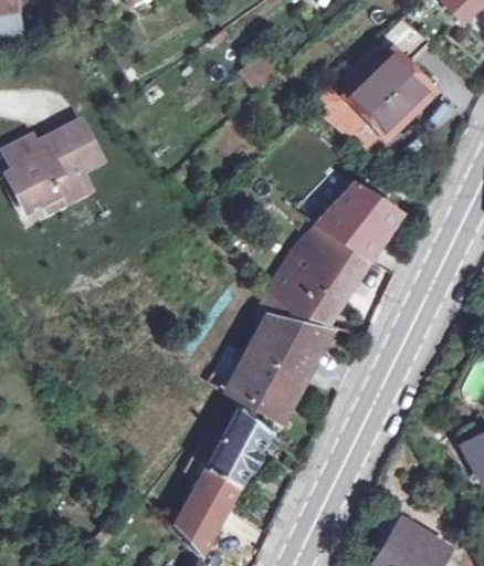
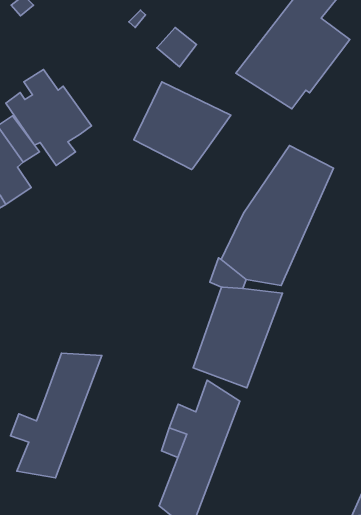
building: none -> [6,70,91,165]
building: none -> [134,82,231,170]
building: none -> [11,353,102,478]

